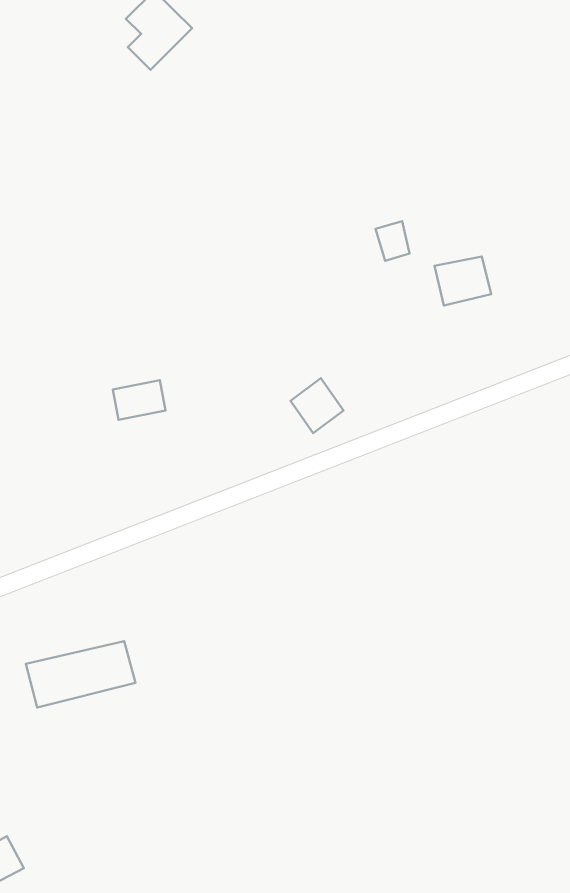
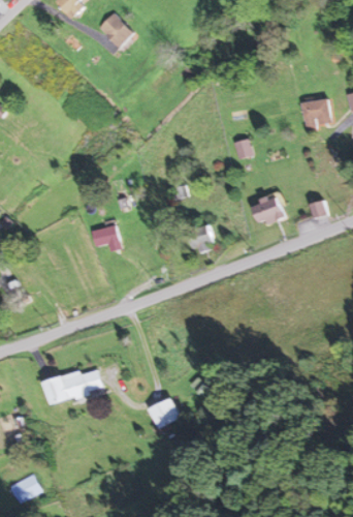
building: none -> [300,97,332,129]
building: [434,256,491,306] -> [252,197,283,224]
building: none -> [147,397,180,428]

